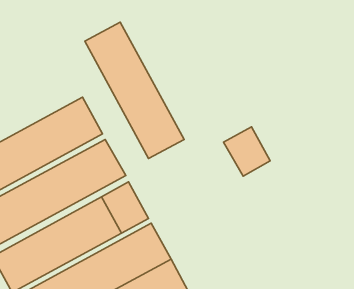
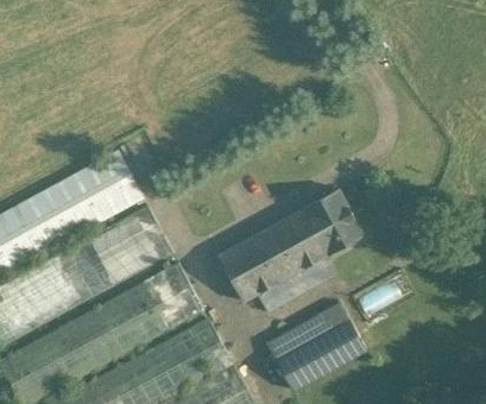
building: [85,22,184,158] -> none
building: none -> [217,209,328,302]
building: none -> [265,301,367,391]

